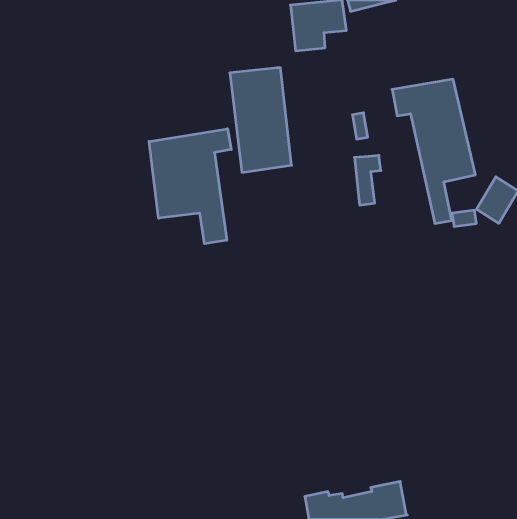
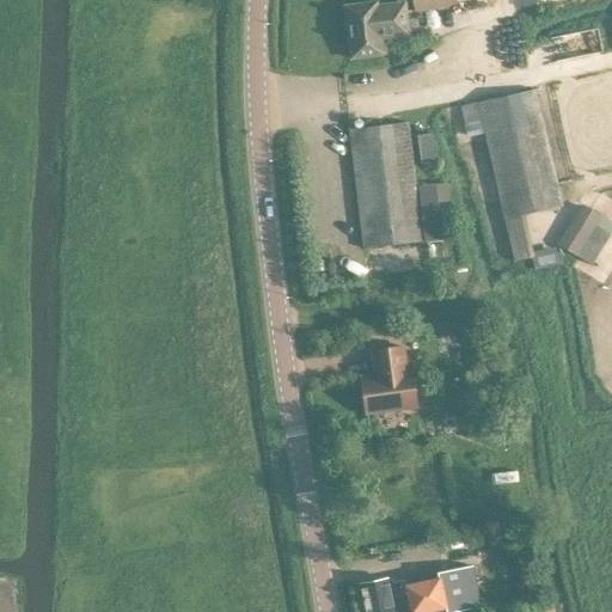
building: [230,68,292,172] -> [349,124,422,247]
building: [149,129,231,244] -> none
building: none -> [362,347,416,414]

